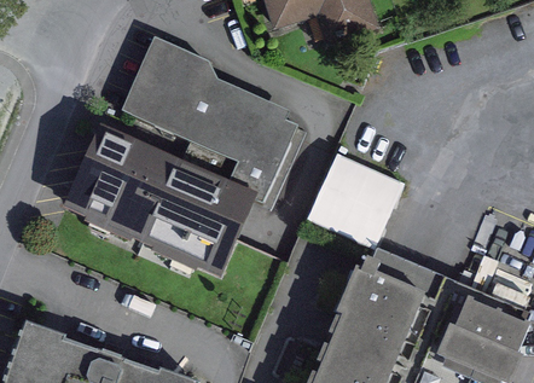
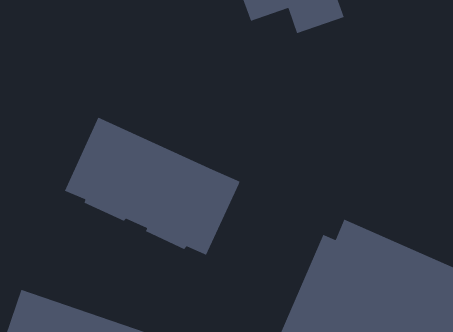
building: [128,42,306,209] -> none
building: [307,150,401,244] -> none

